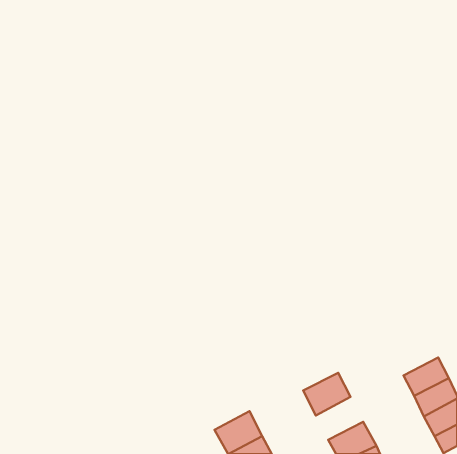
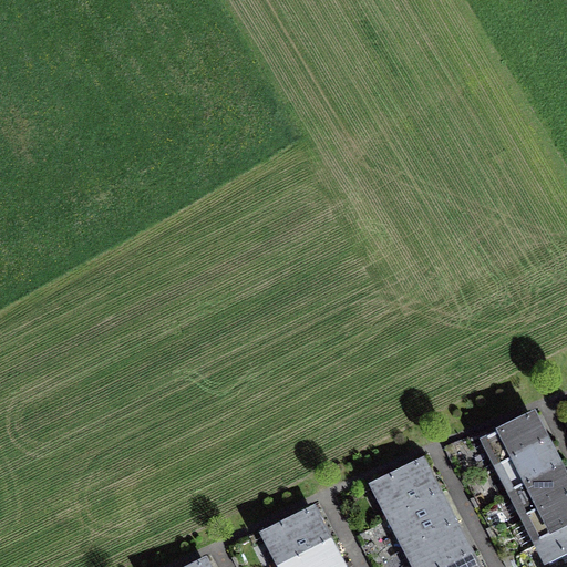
building: none -> [486,416,543,465]
building: none -> [391,492,450,545]

